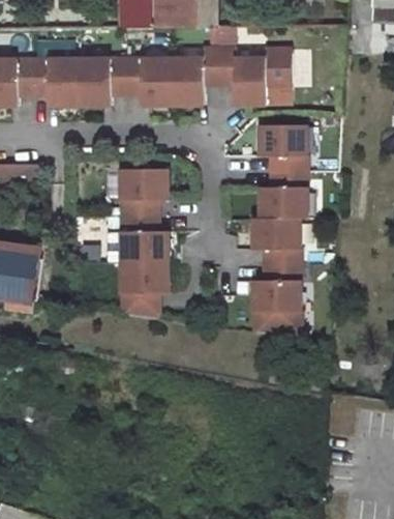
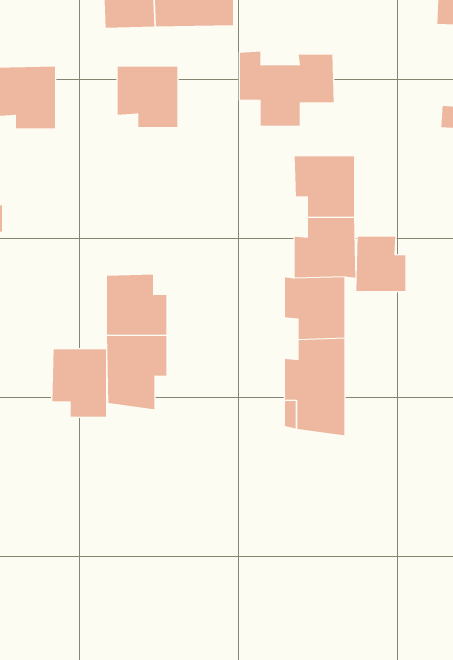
building: [174,47,220,104] -> none
building: [81,57,127,105] -> none
building: [119,169,165,217] -> none
building: none -> [356,236,406,292]
building: none -> [52,348,106,417]

